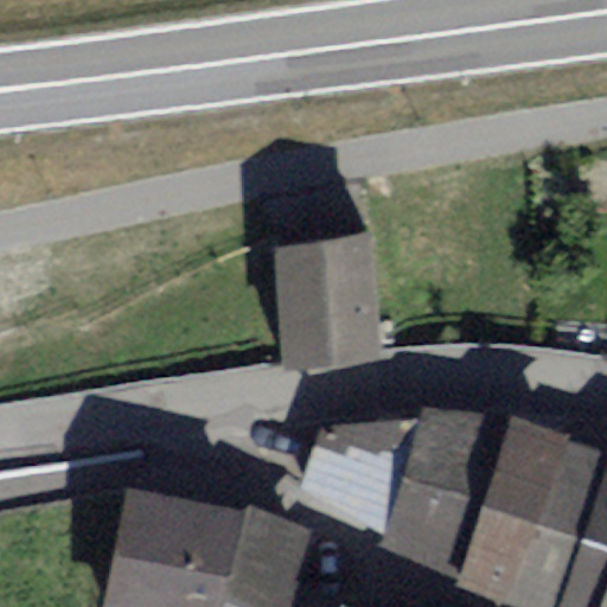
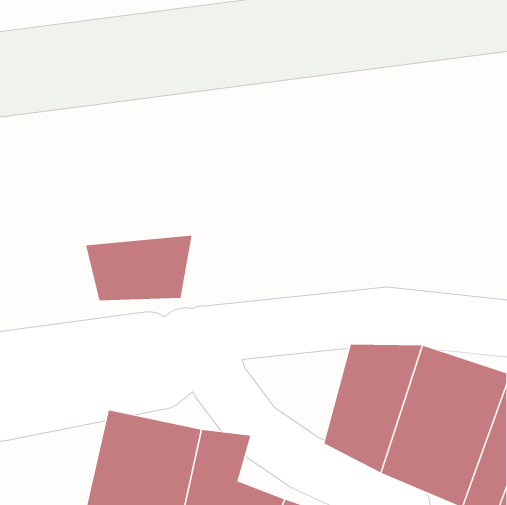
building: [270,242,377,366] -> none
building: none -> [85,235,192,301]
building: [305,414,418,532] -> none

